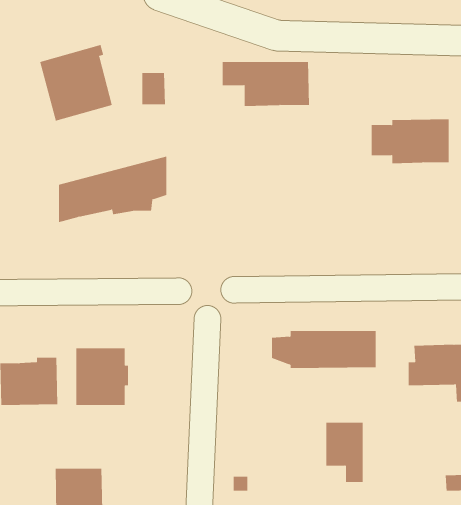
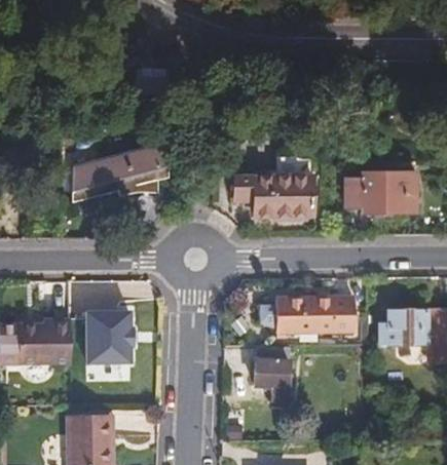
building: [39,44,113,122] -> none
building: [222,61,310,107] -> [234,177,312,217]
building: [371,119,449,164] -> [346,172,416,212]
building: [325,422,364,482] -> [254,347,288,400]

